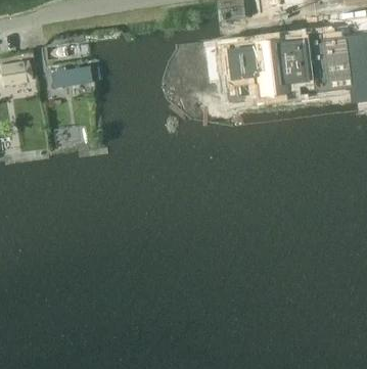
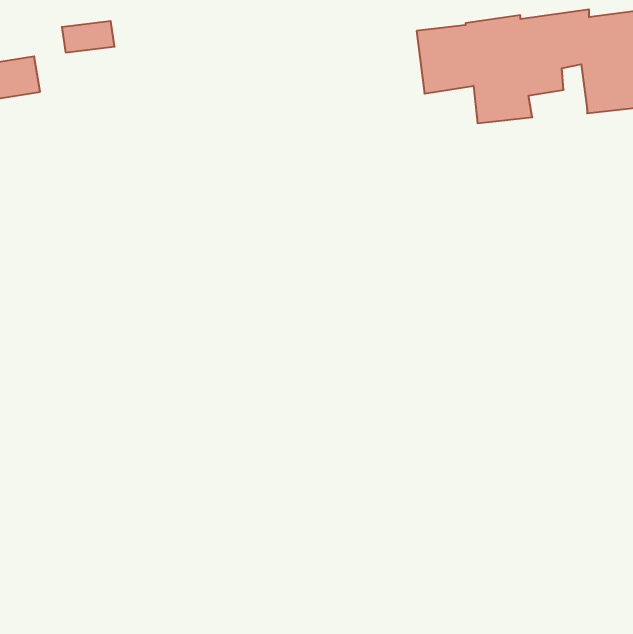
building: [52,65,93,88] -> none

